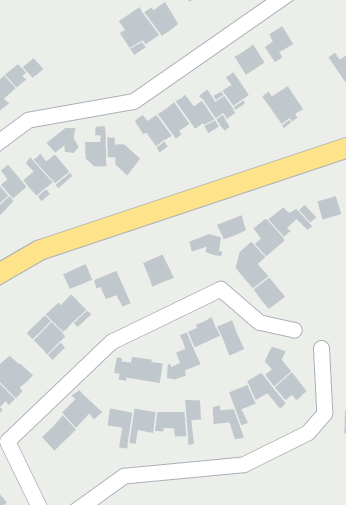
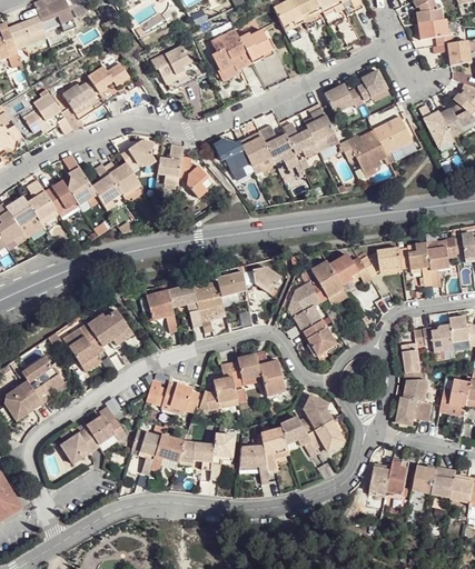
building: none -> [149,46,198,87]
building: none -> [372,120,410,159]
building: [216,215,247,240] -> [218,274,248,297]
building: [62,263,93,289] -> [169,284,199,308]

